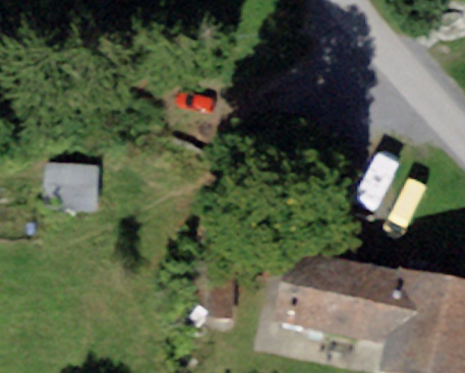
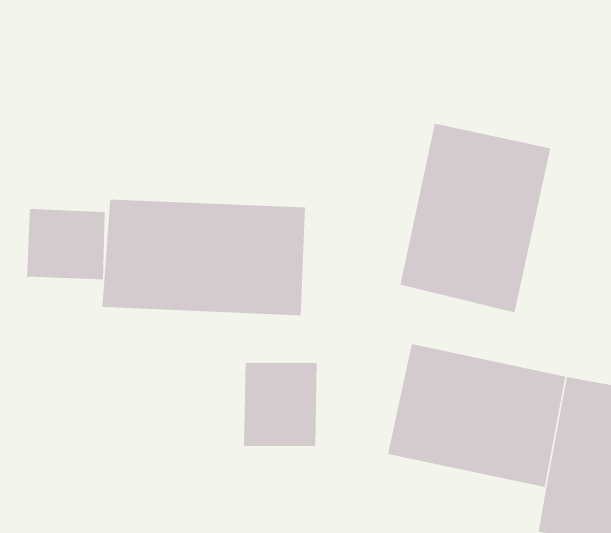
building: none -> [400,123,551,313]
building: none -> [102,199,306,316]

